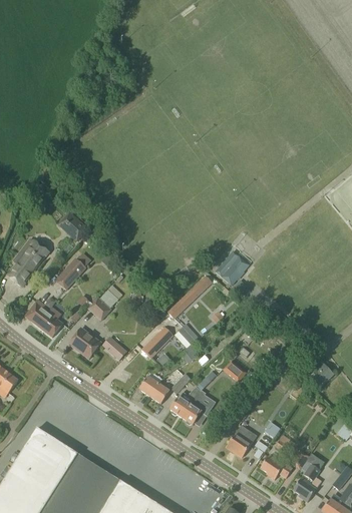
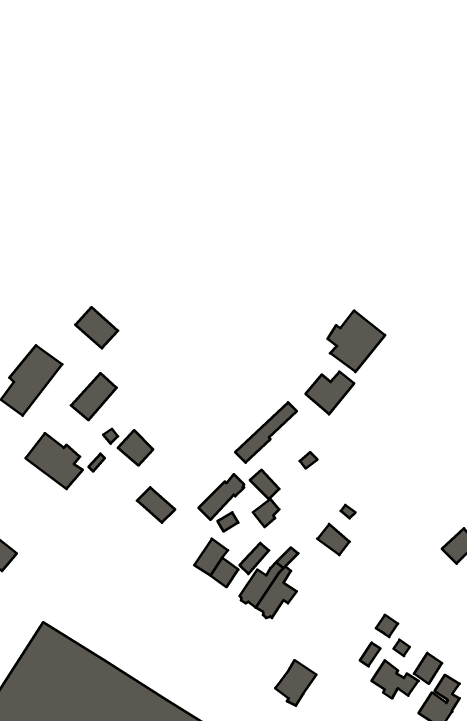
building: none -> [328,311,385,372]
building: [69,328,101,359] -> none
building: [228,426,256,457] -> [275,660,316,706]

